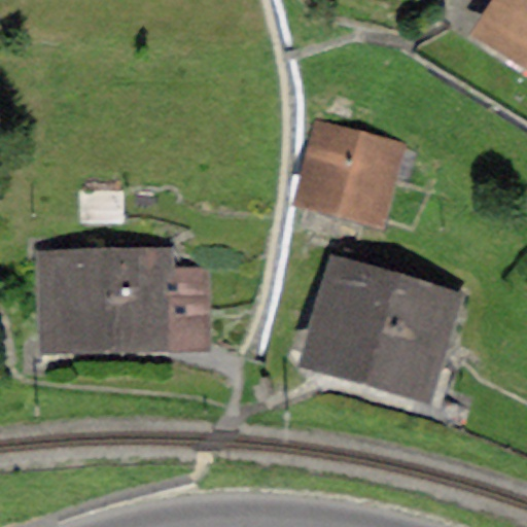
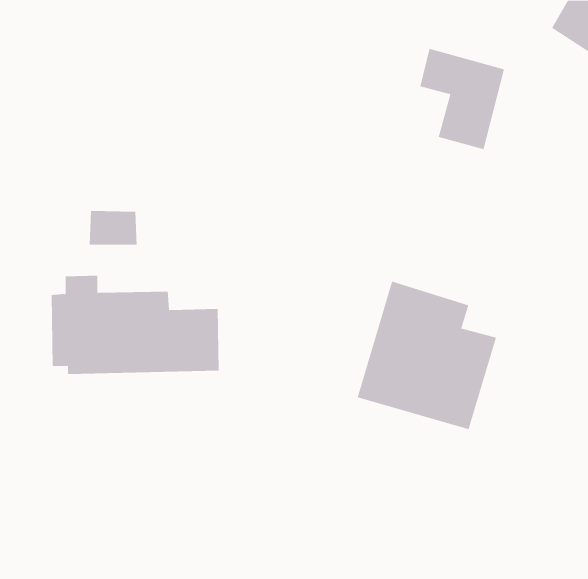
building: [319,132,395,222] -> [419,48,505,150]

